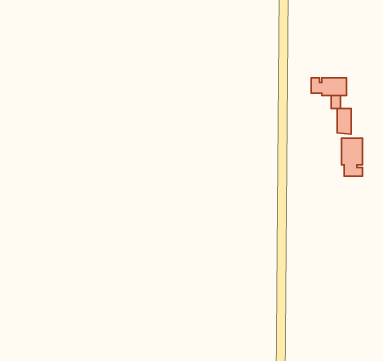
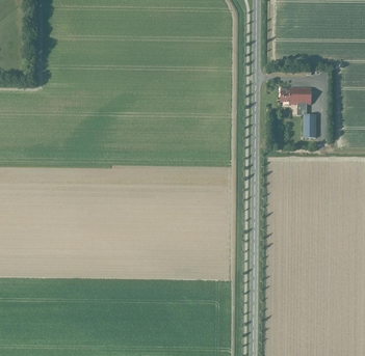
building: [342,138,362,176] -> none

